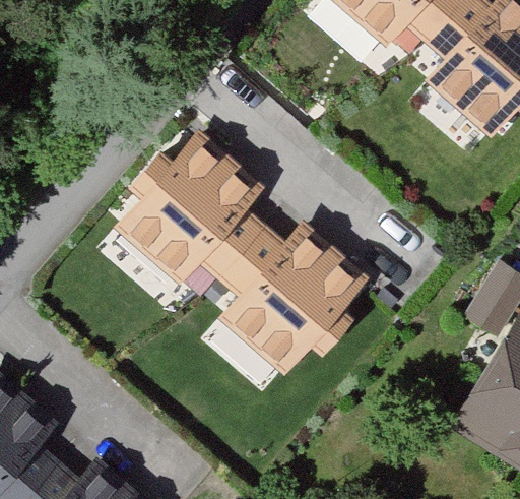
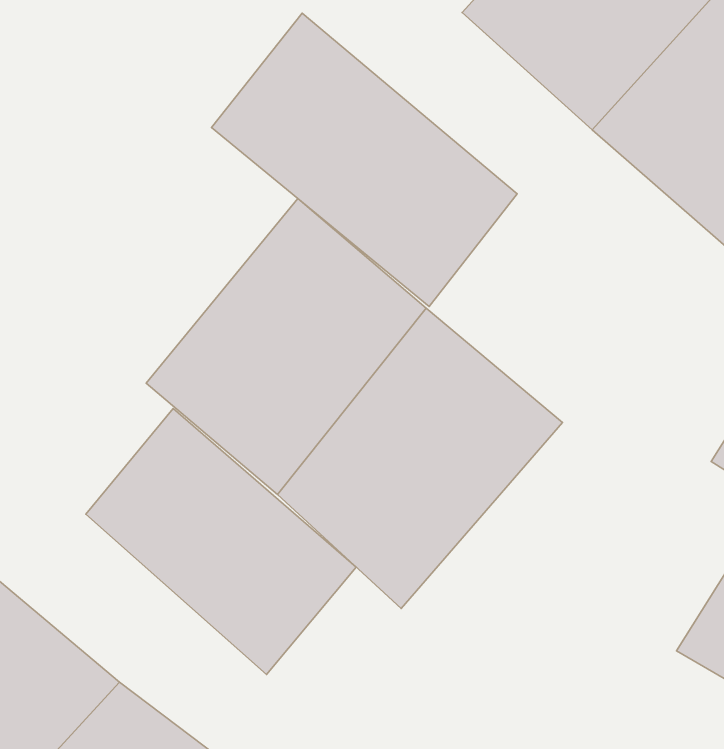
building: none -> [212,13,517,307]
building: none -> [86,409,356,674]

